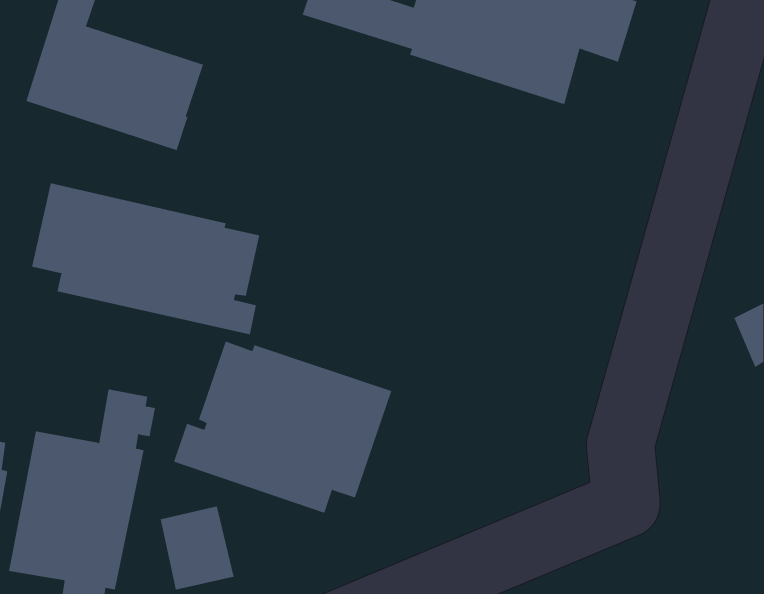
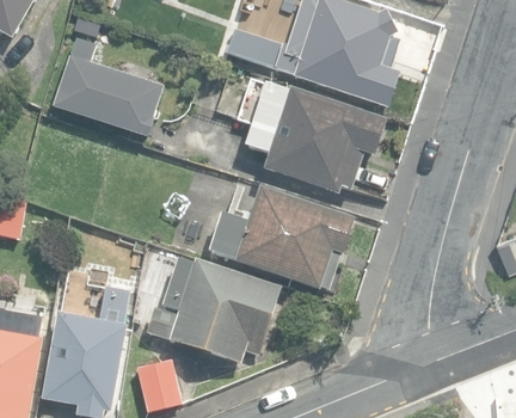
building: none -> [245,78,387,193]
building: [32,183,260,335] -> none
building: none -> [207,186,355,290]

